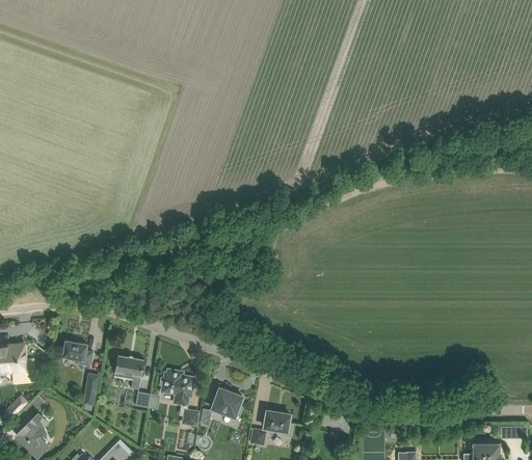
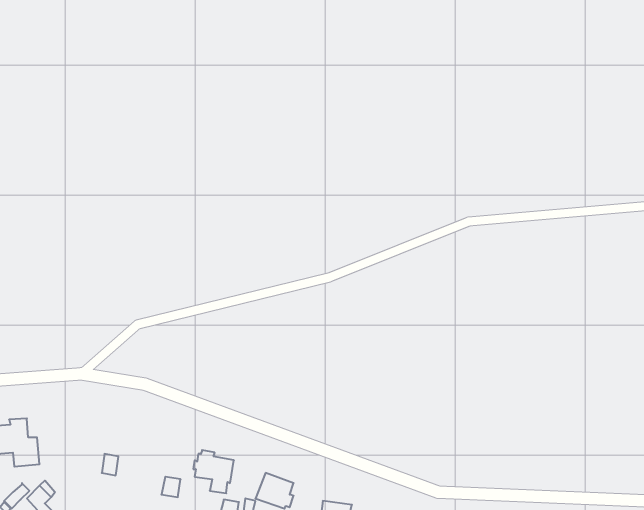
building: [62,341,92,366] -> none
building: [114,355,143,389] -> none

